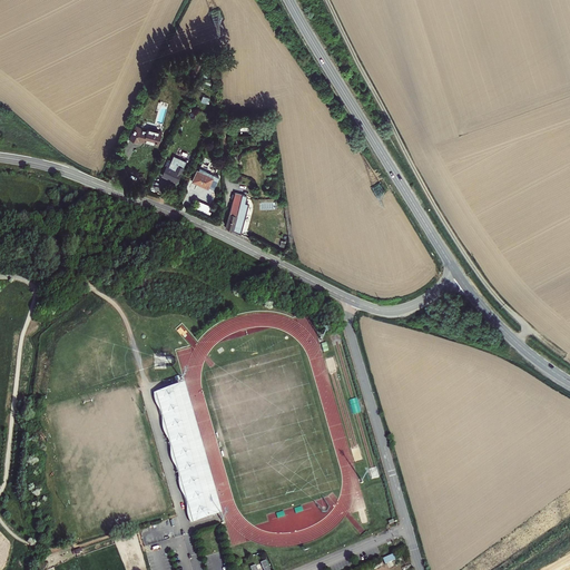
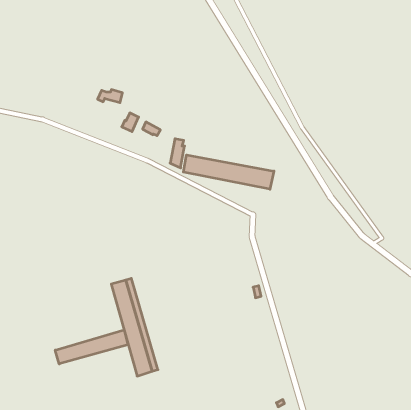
building: none -> [183,155,274,189]
building: none -> [55,330,128,364]

